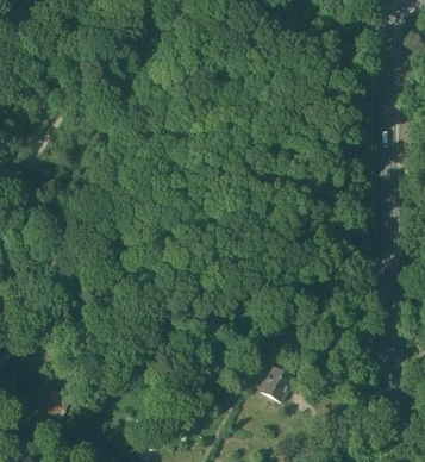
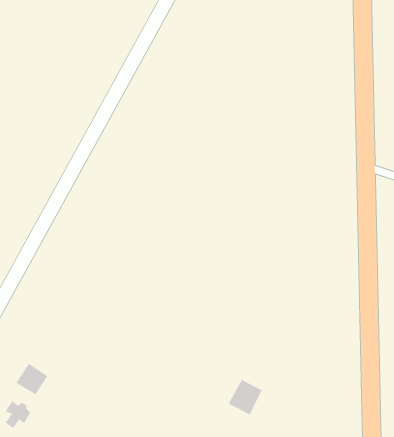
building: none -> [16,363,48,395]

